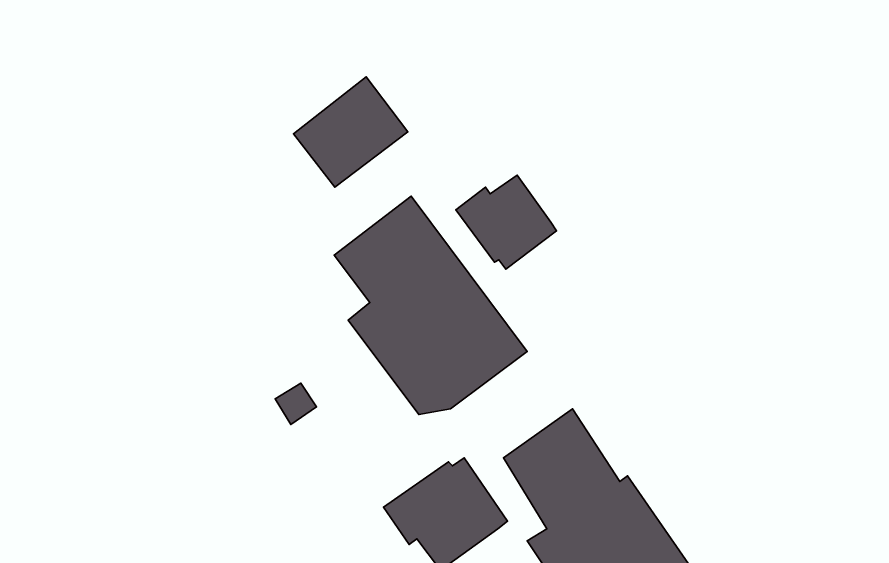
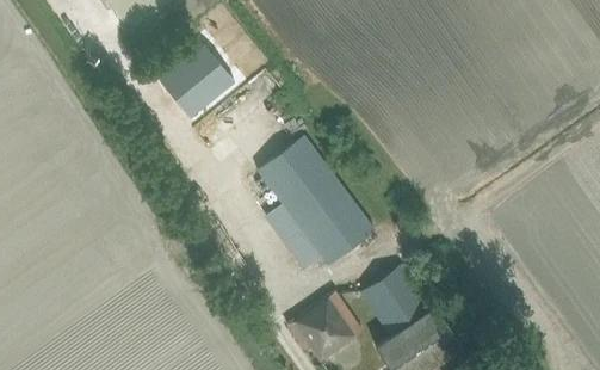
building: [293,77,408,187] -> [163,49,233,116]
building: [456,175,557,269] -> none

